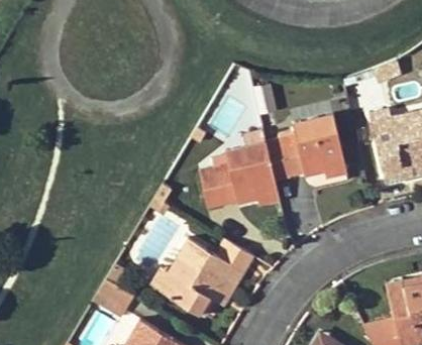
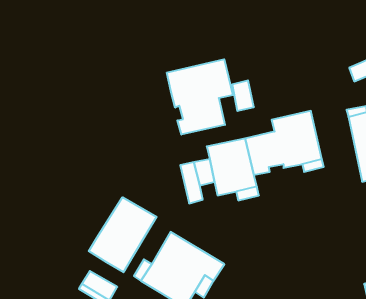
building: none -> [167,59,233,135]
building: none -> [89,197,157,272]

